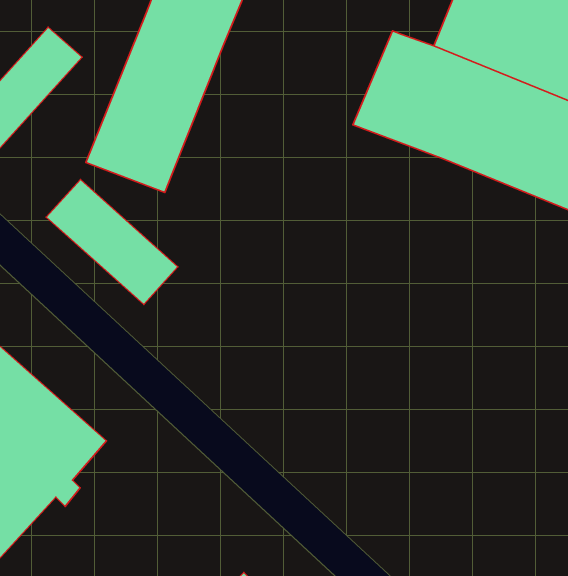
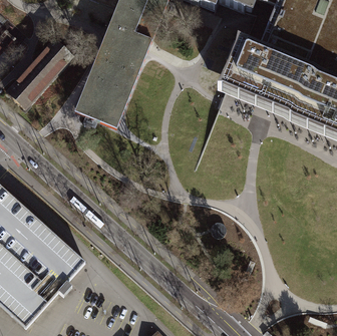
building: [46,180,178,305] -> none

